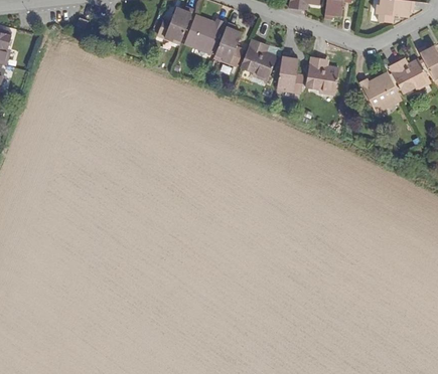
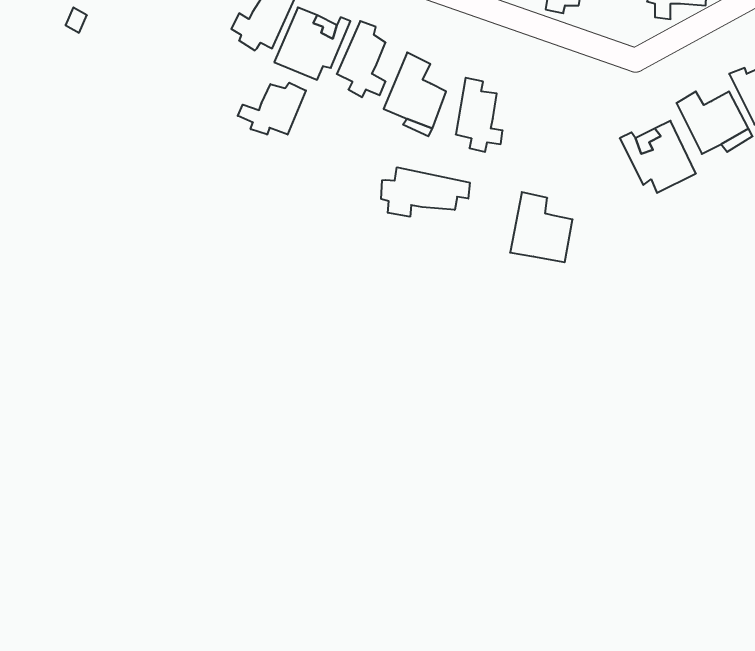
building: none -> [238,83,306,135]
building: [304,56,336,92] -> [510,192,573,262]
building: none -> [381,167,470,217]

